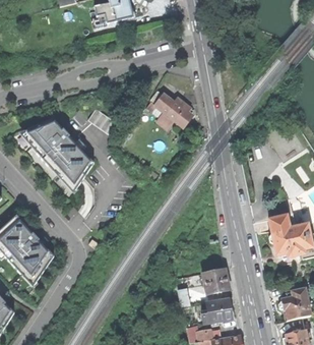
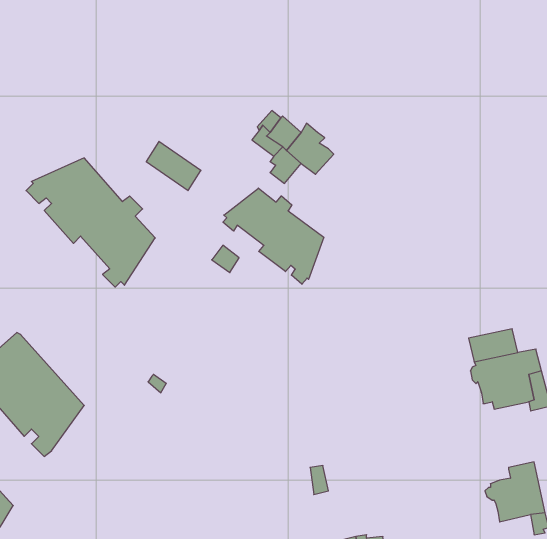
building: none -> [223,188,324,284]
building: [202,268,230,294] -> none
building: [206,298,232,323] -> none

